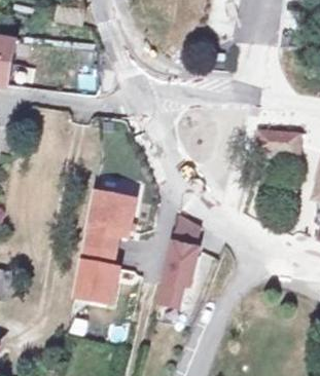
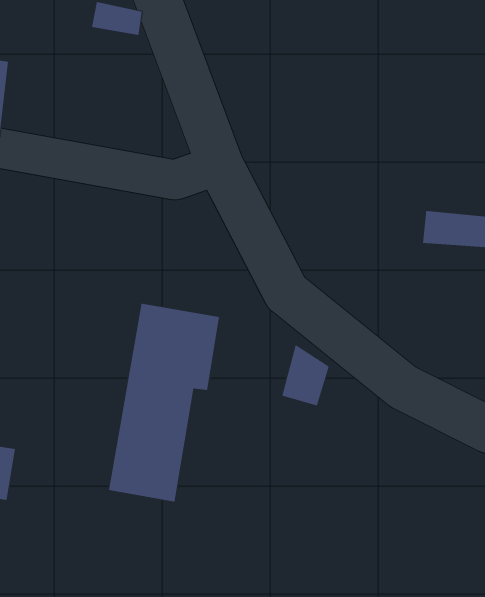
building: [158,239,195,299] -> none

